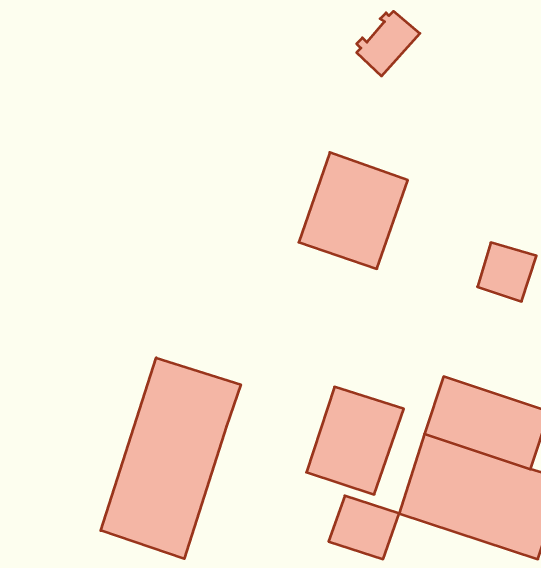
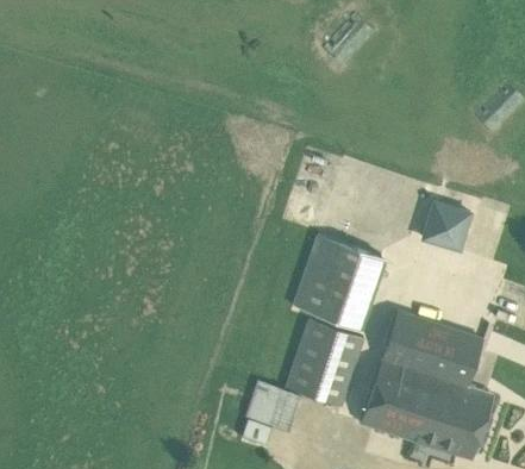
building: [299,152,408,269] -> [293,234,381,329]
building: [101,358,241,559] -> none
building: [329,496,399,559] -> [245,381,302,432]

